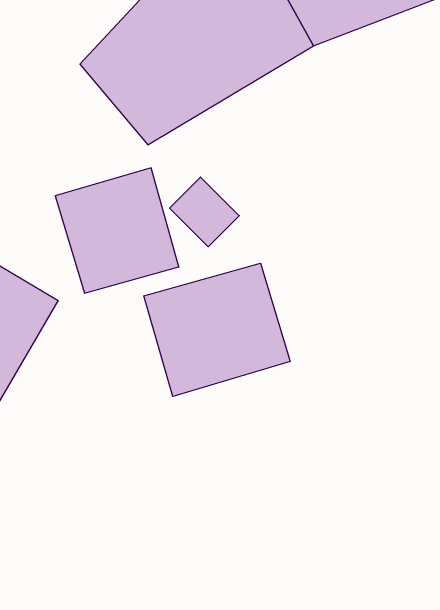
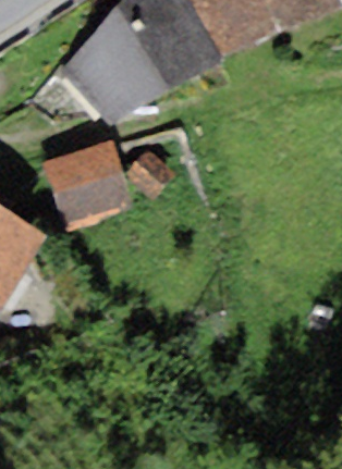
building: [144,263,290,396] -> none

